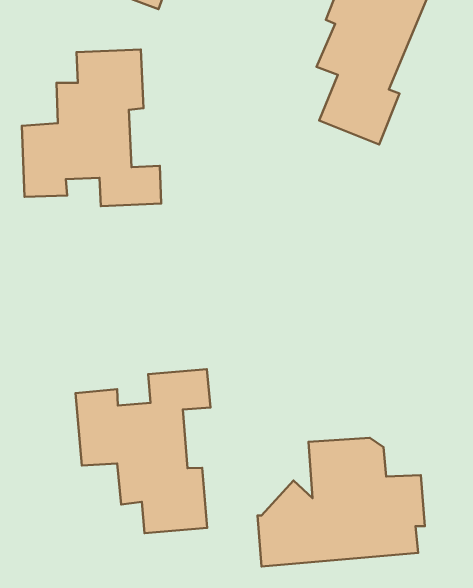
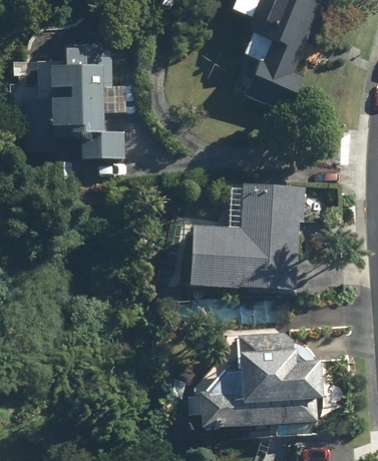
building: none -> [187,183,304,288]
building: [75,369,210,533] -> none

